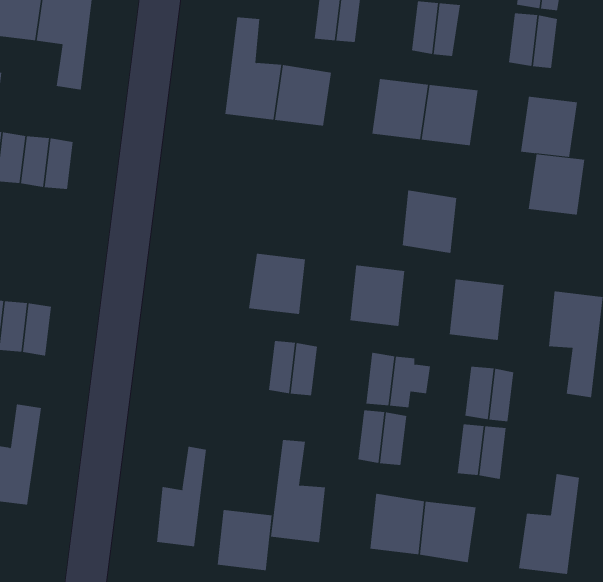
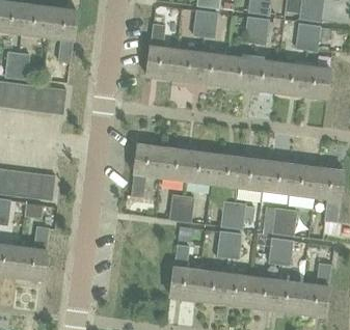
building: none -> [198,53,227,85]
building: [528,154,585,215] -> [275,62,305,94]
building: [402,190,457,254] -> [238,157,267,190]
building: none -> [131,144,163,198]
building: none -> [186,150,215,183]
building: none -> [290,164,319,196]
building: [156,446,206,547] -> none
building: none -> [274,280,304,312]
building: [217,509,272,571] -> [196,270,225,302]

